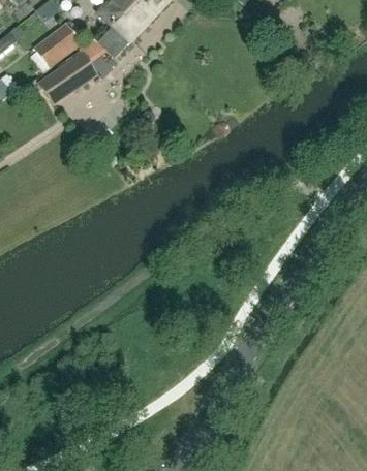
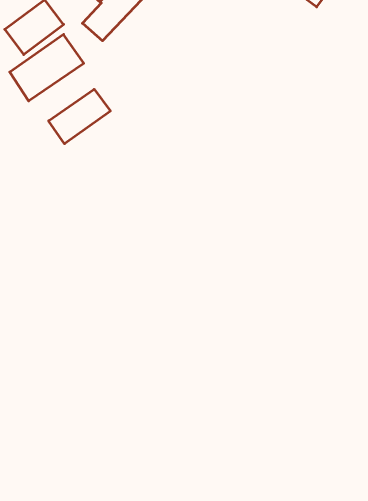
building: none -> [49,89,110,144]

